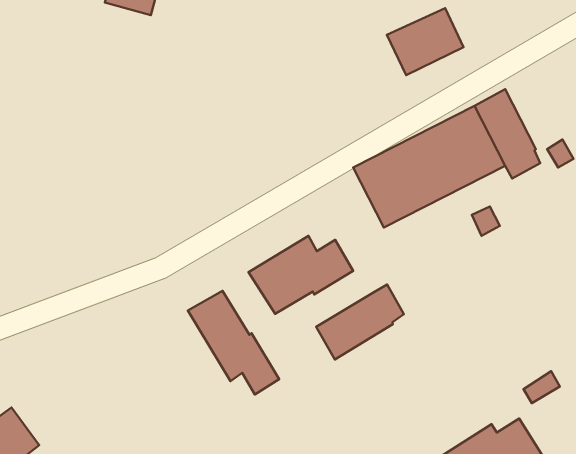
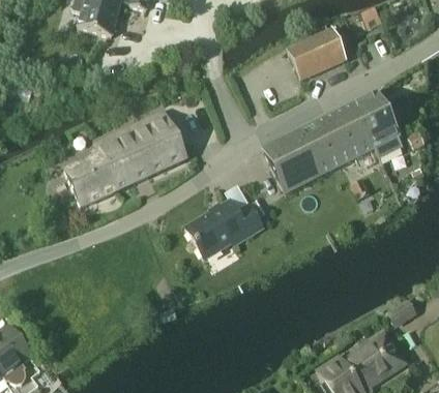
building: none -> [64,110,186,206]
building: [316,285,404,359] -> none
building: [188,291,279,395] -> none

